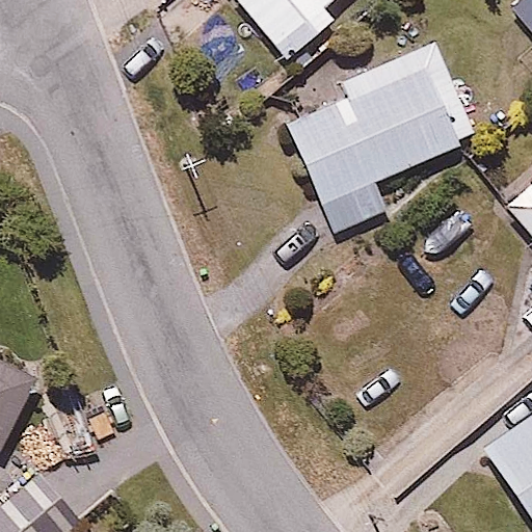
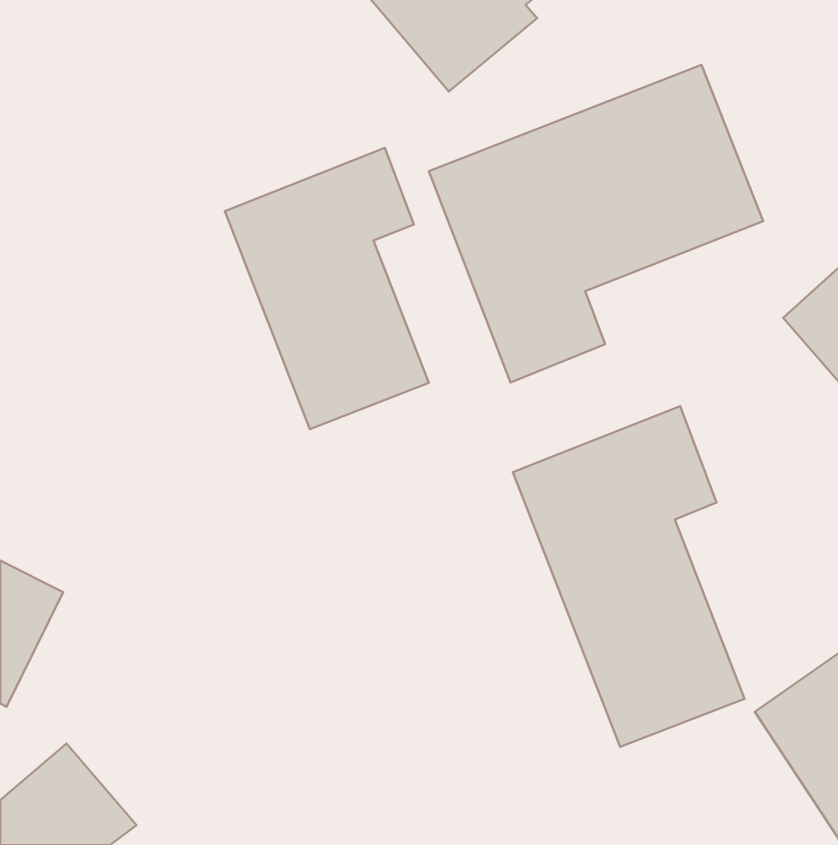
building: none -> [225,148,429,429]
building: none -> [513,406,745,747]

